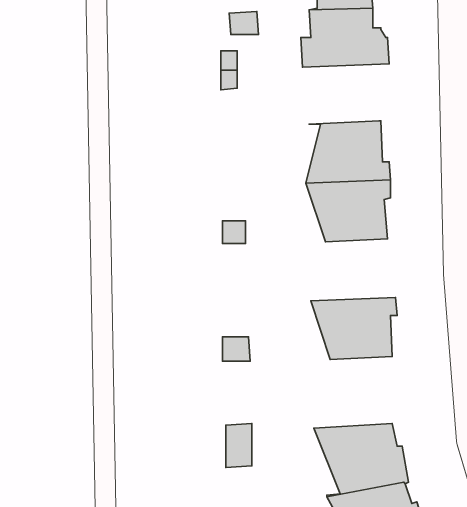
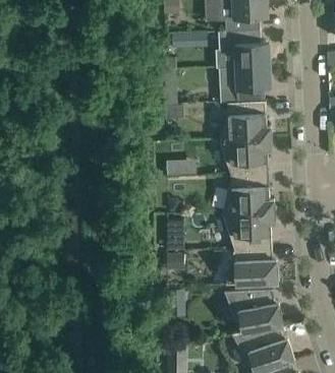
building: none -> [217,65,271,103]
building: none -> [222,174,275,212]
building: none -> [226,247,278,285]

